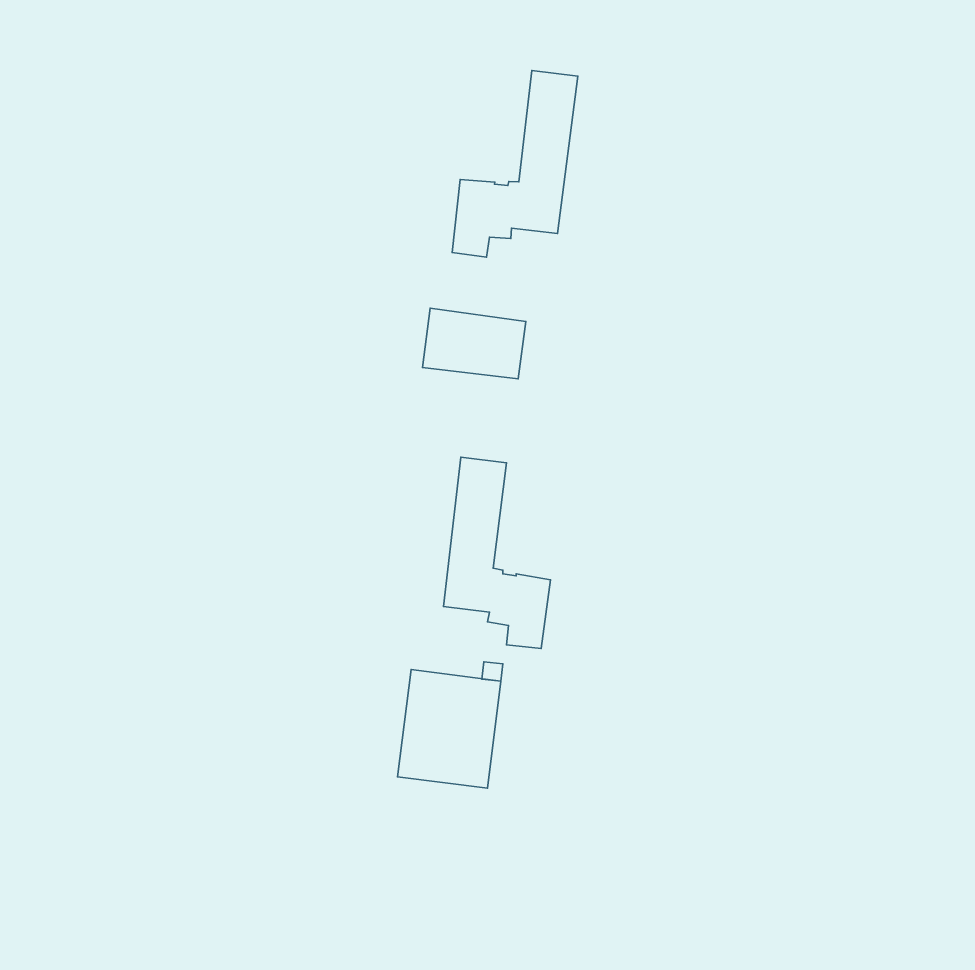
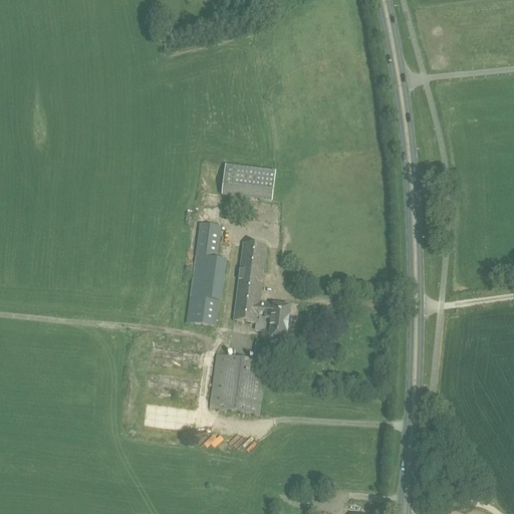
building: [452,71,578,257] -> none
building: none -> [185,220,226,323]

